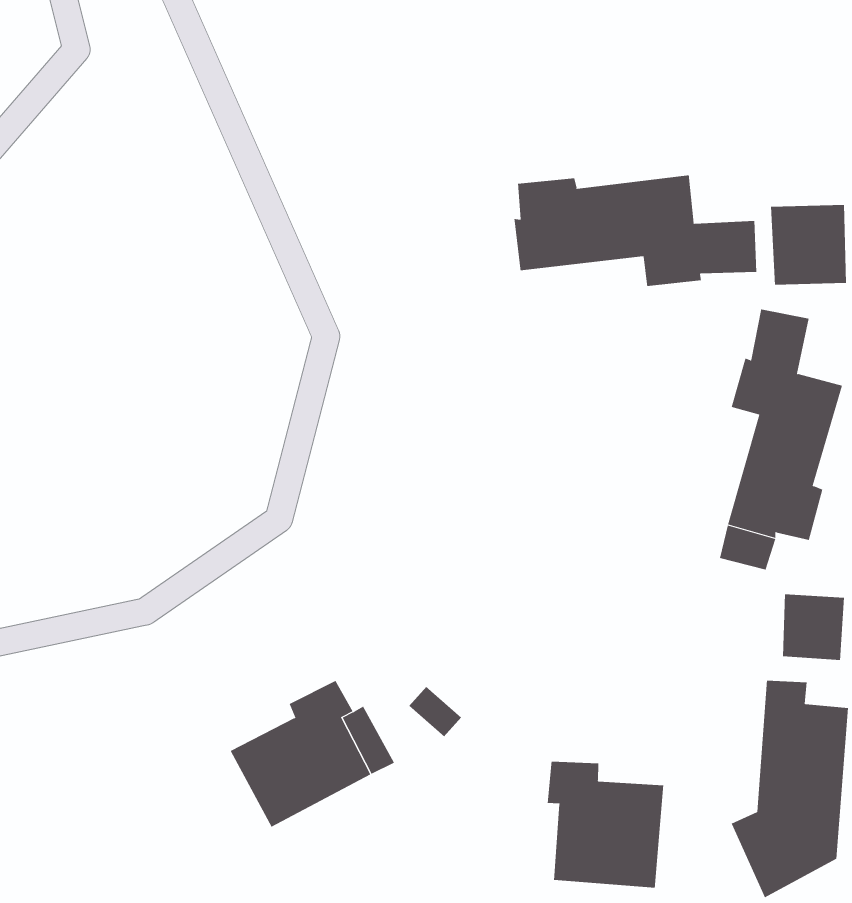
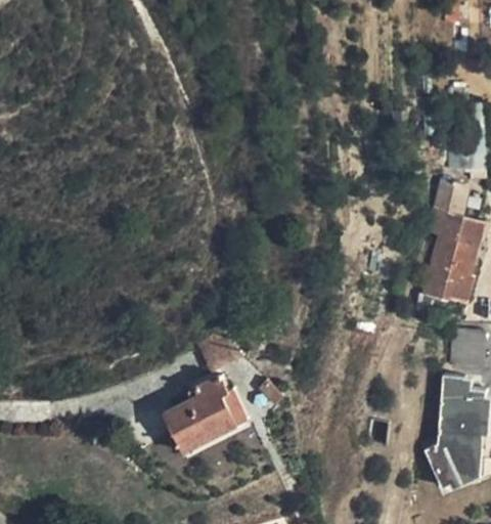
building: [514,174,757,287] -> none
building: [547,761,664,888] -> none

